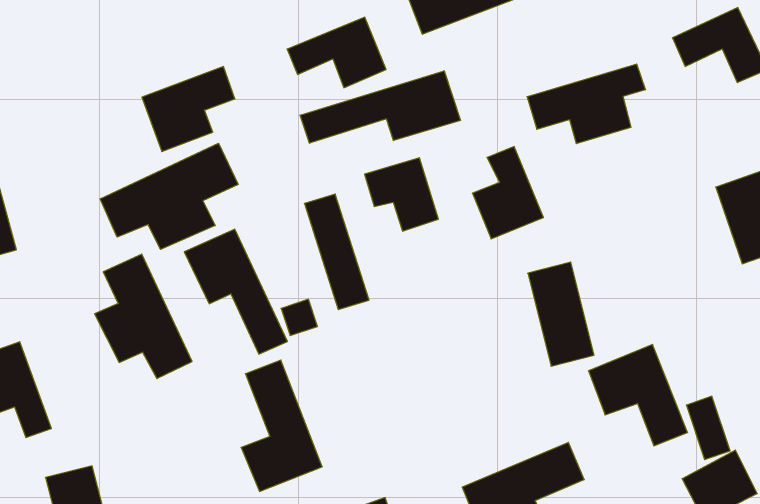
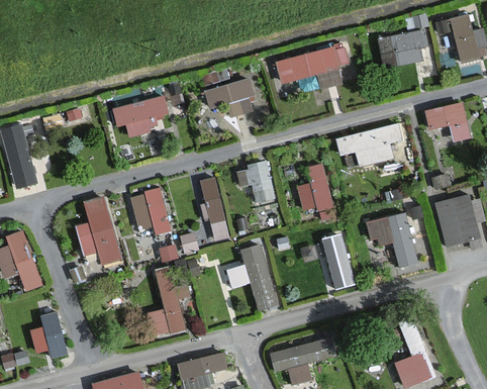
building: [300,71,460,143] -> none
building: [100,143,238,249] -> none
building: none -> [228,244,278,310]
building: [588,344,688,446] -> [368,211,419,269]

